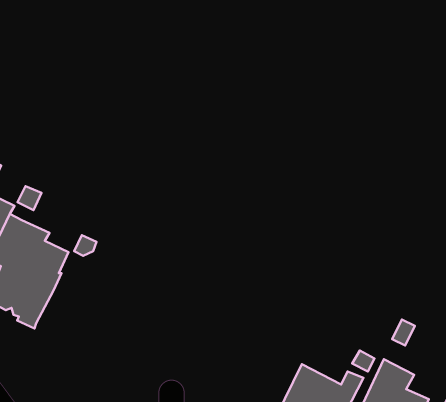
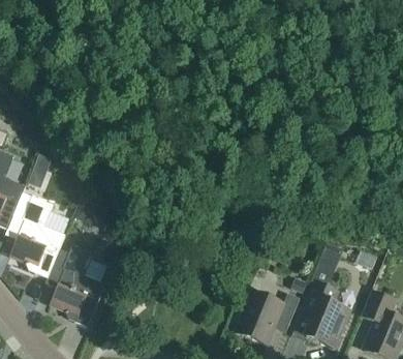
building: none -> [49,244,107,326]

